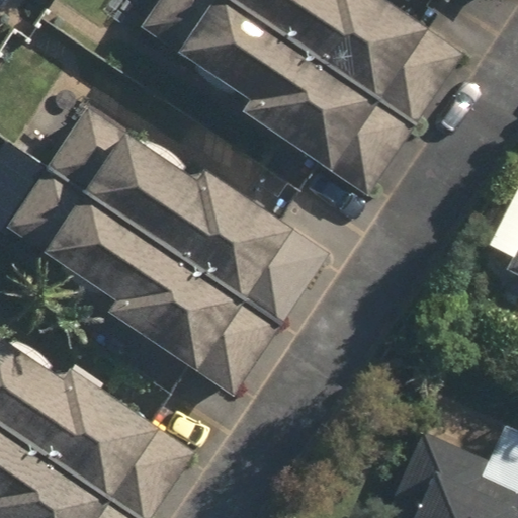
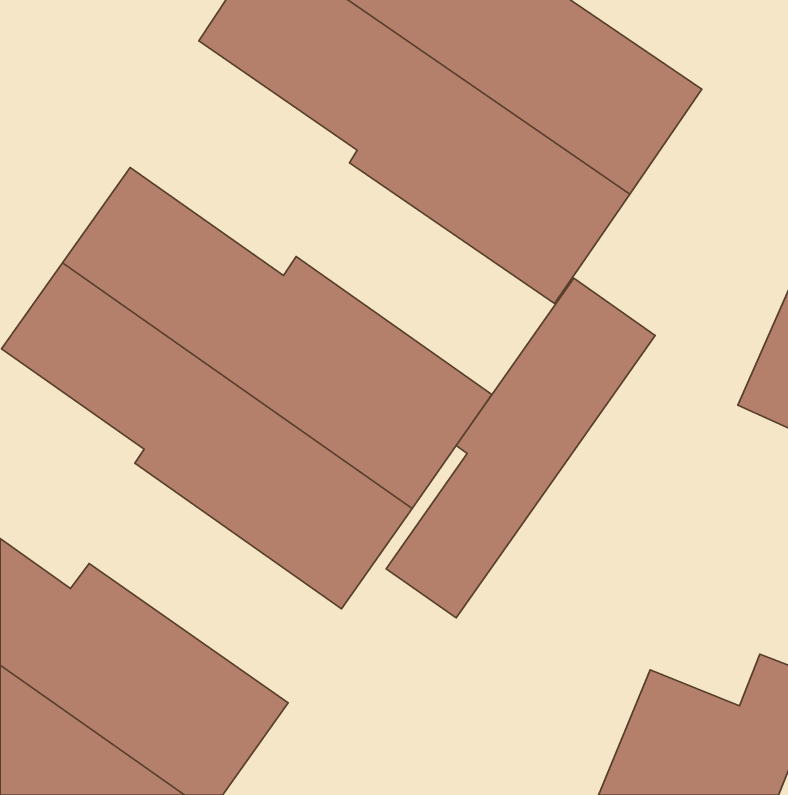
building: none -> [386,278,655,618]

